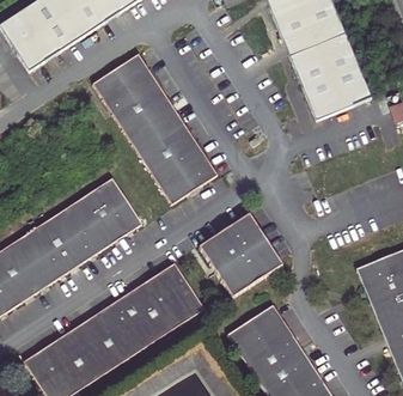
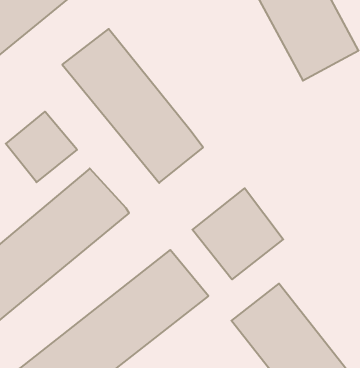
building: none -> [6,112,77,182]

